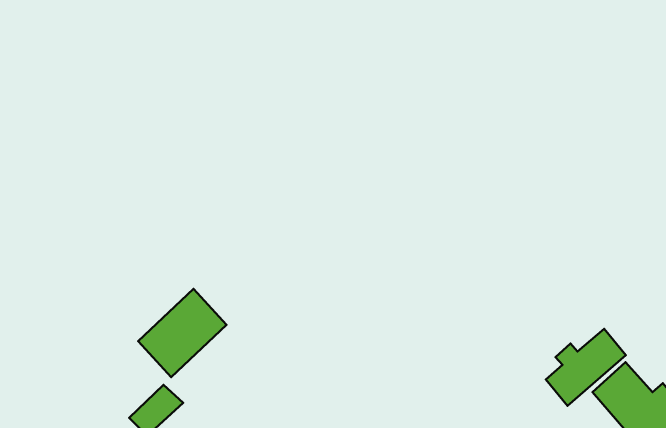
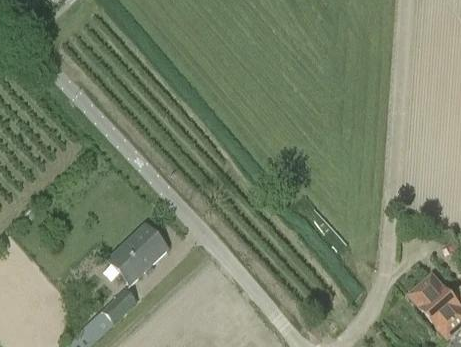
building: [546,329,626,406] -> none

